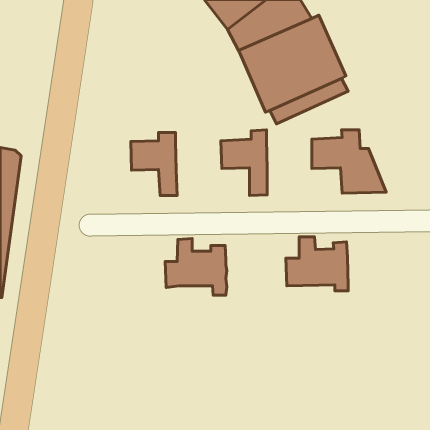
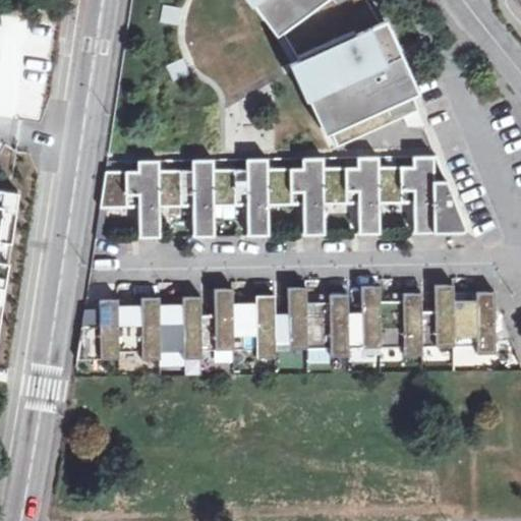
building: none -> [323,156,379,236]
building: none -> [213,159,269,238]
building: none -> [100,160,161,239]
building: none -> [420,283,496,351]
building: none -> [274,286,347,354]
building: none -> [77,295,201,357]

